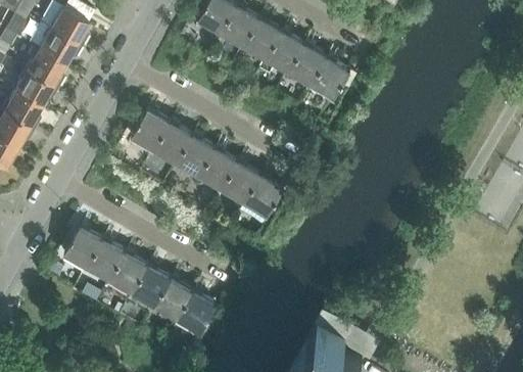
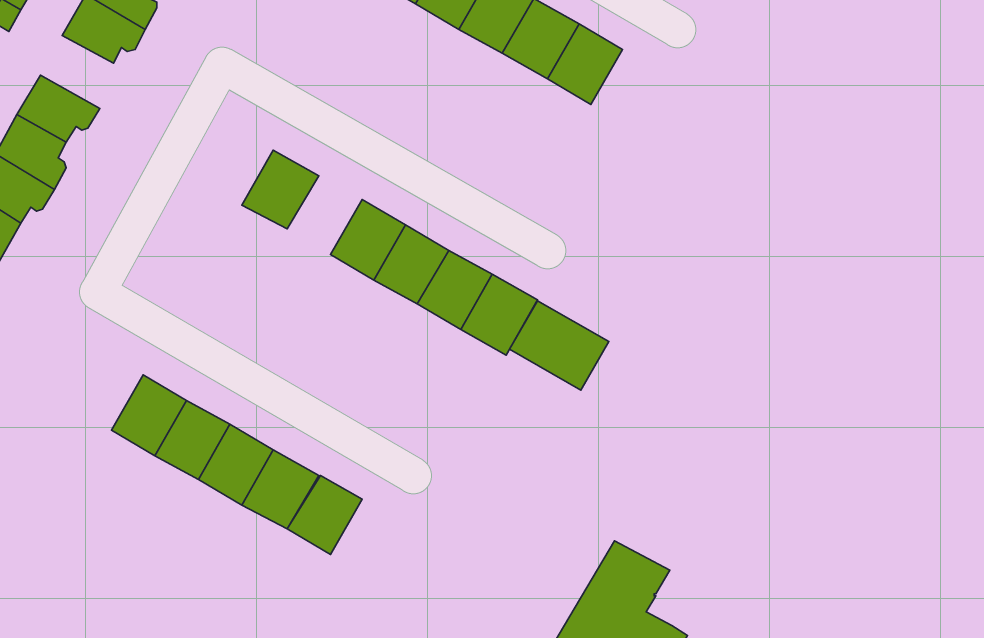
building: [26,51,63,89] -> none
building: [311,58,349,99] -> none
building: [153,124,192,165] -> none
building: none -> [509,301,609,390]
building: [176,291,215,333] -> none

